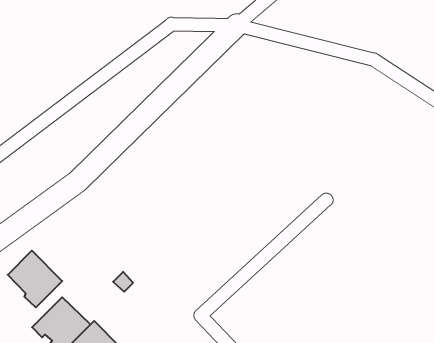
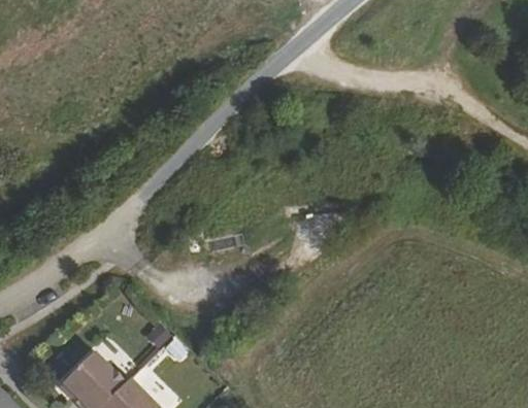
building: [8,251,62,307] -> none

